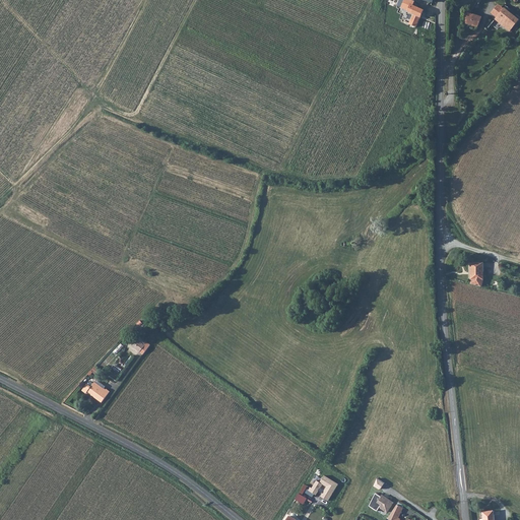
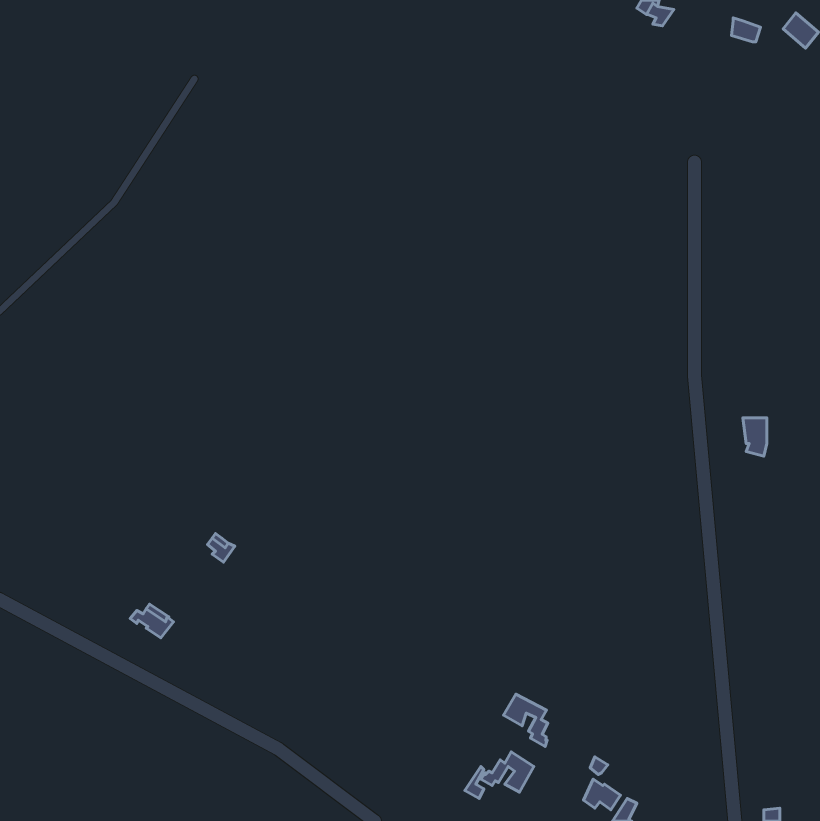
building: none -> [503,694,548,746]

